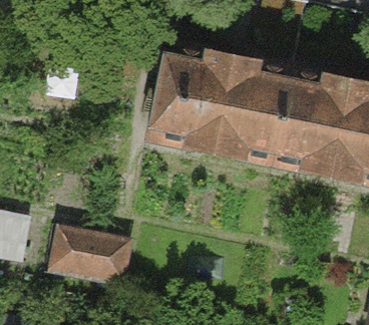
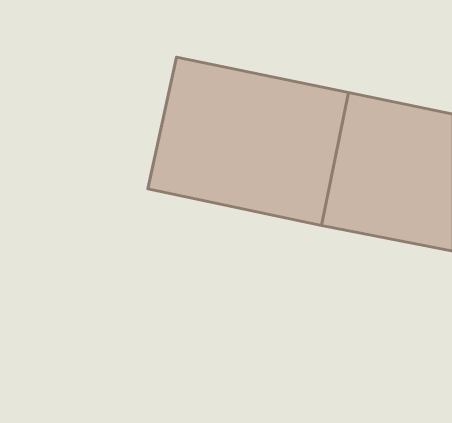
building: [51,210,135,275] -> none

